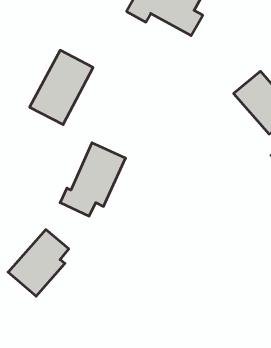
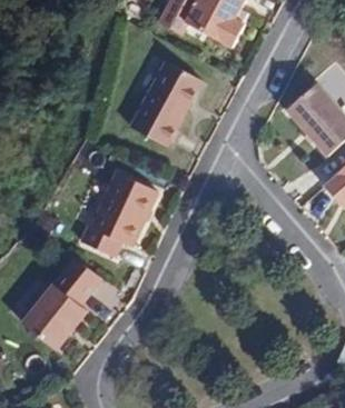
building: [30,50,93,125] -> [130,60,204,146]

